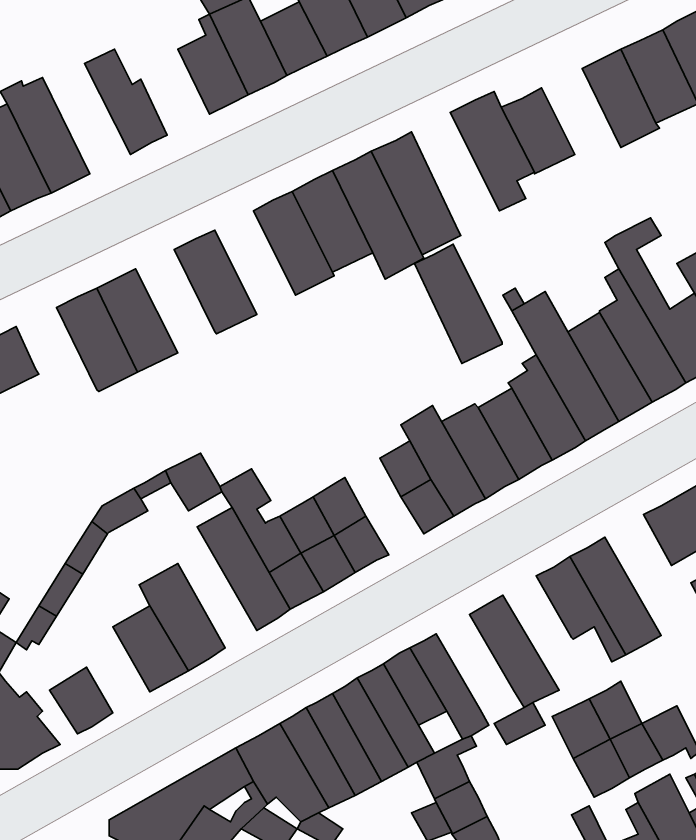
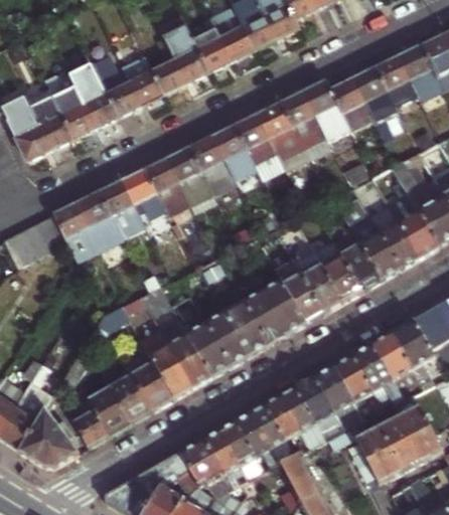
building: none -> [122,54,163,104]
building: none -> [65,55,118,126]
building: none -> [353,65,399,123]
building: none -> [166,147,212,206]
building: [414,244,502,363] -> [279,91,329,159]
building: none -> [121,169,166,228]
building: none -> [52,202,99,261]
building: none -> [241,289,286,344]
building: none -> [390,321,433,390]
building: none -> [139,328,190,397]
building: none -> [331,356,377,421]
building: none -> [293,378,337,433]
building: none -> [87,385,129,435]
building: none -> [394,395,431,441]

